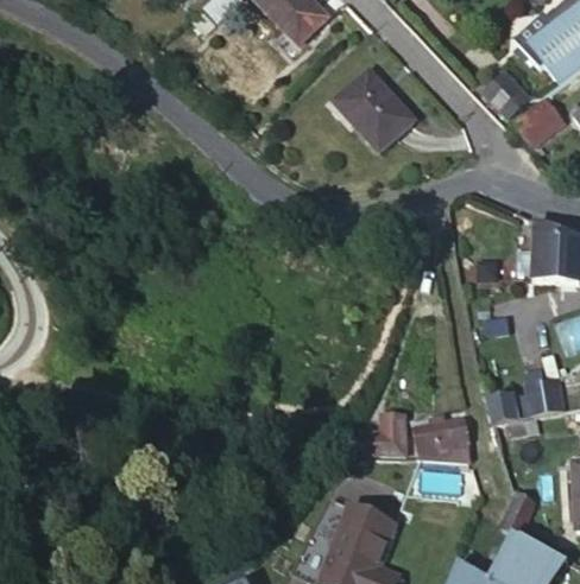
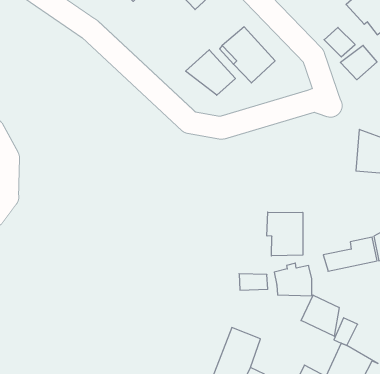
building: none -> [186,50,235,95]
building: none -> [267,212,303,256]
building: none -> [301,295,339,336]

